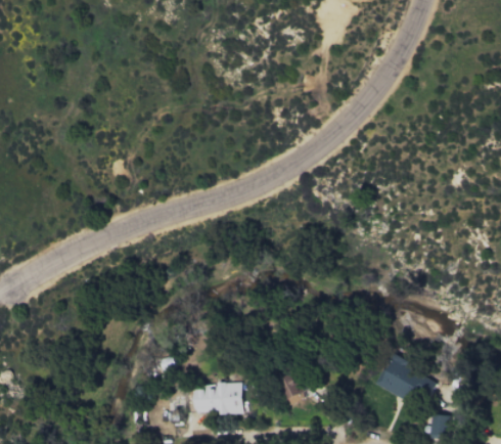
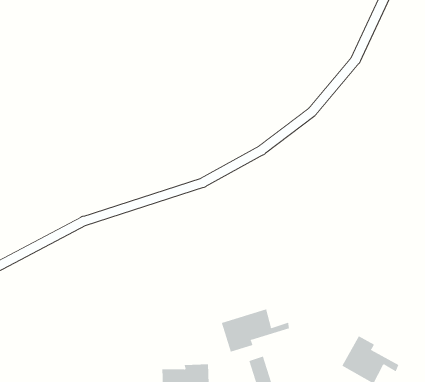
building: none -> [221,309,289,352]

